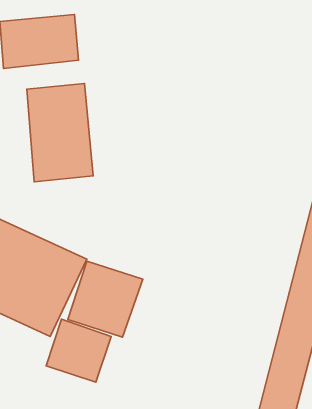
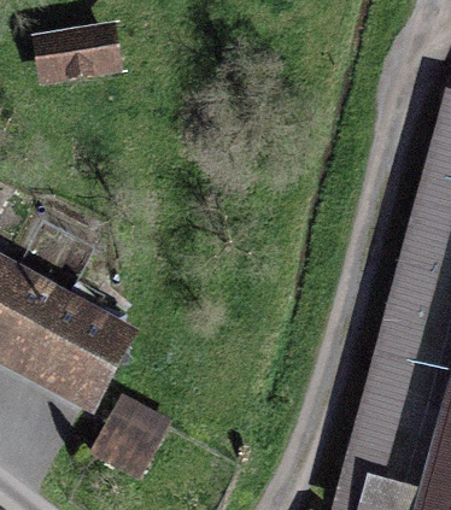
building: [27,83,93,182] -> none
building: [68,261,143,337] -> none

